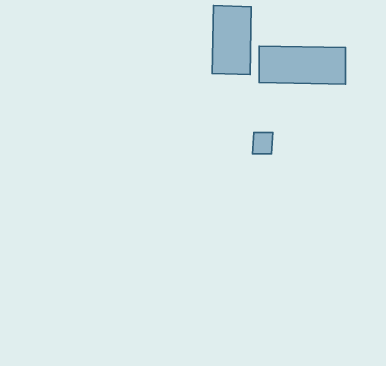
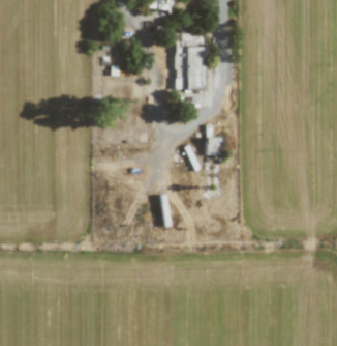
building: [259,46,345,84] -> none

